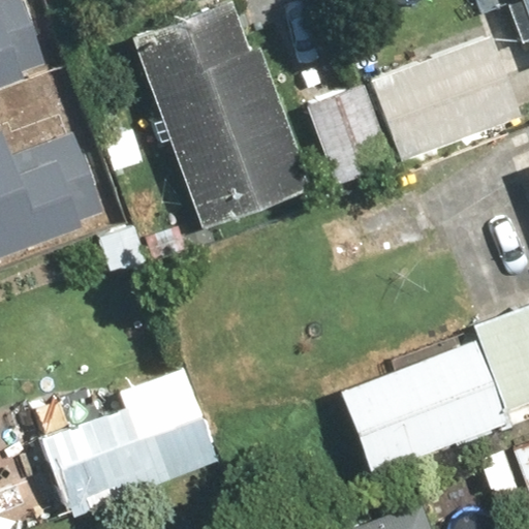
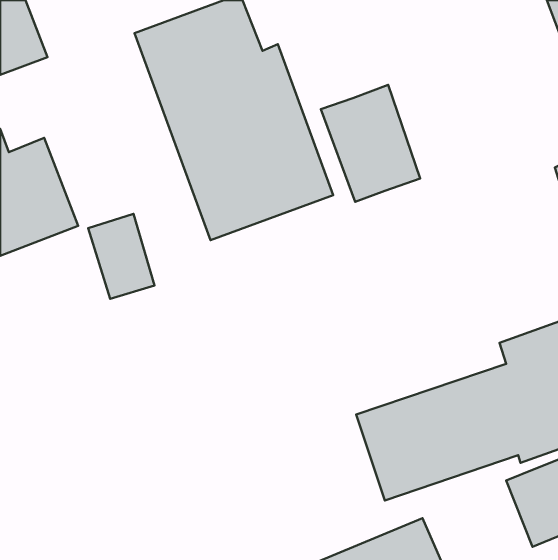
building: [369,38,523,170] -> none
building: [27,385,219,514] -> none

